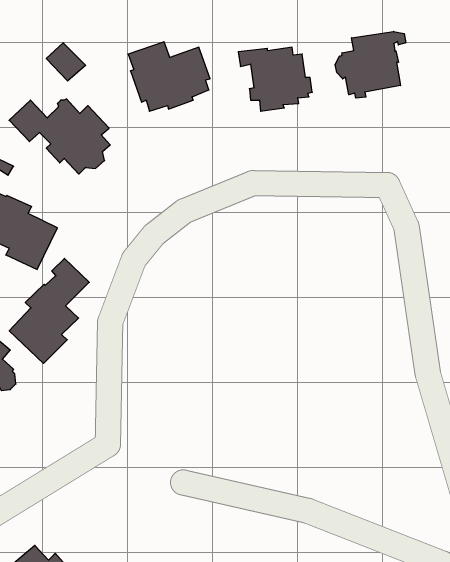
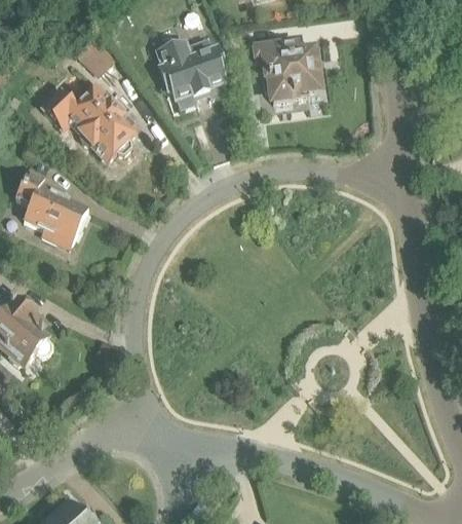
building: [335,31,406,98] -> none
building: [9,258,89,363] -> none

